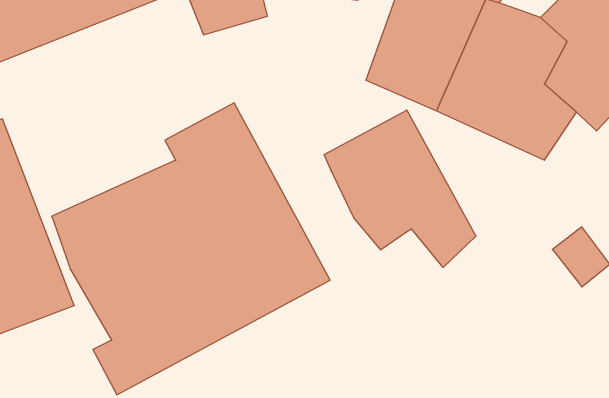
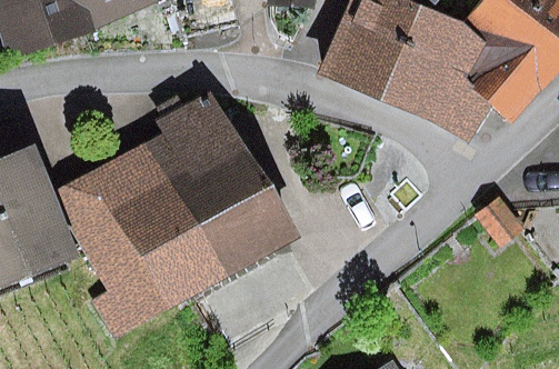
building: [324,110,476,267] -> none

